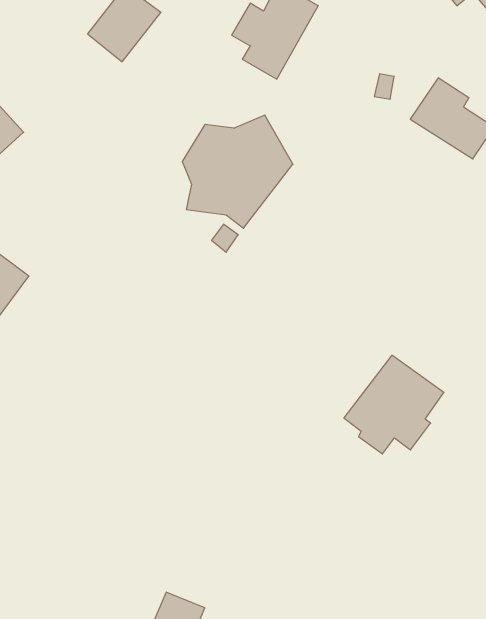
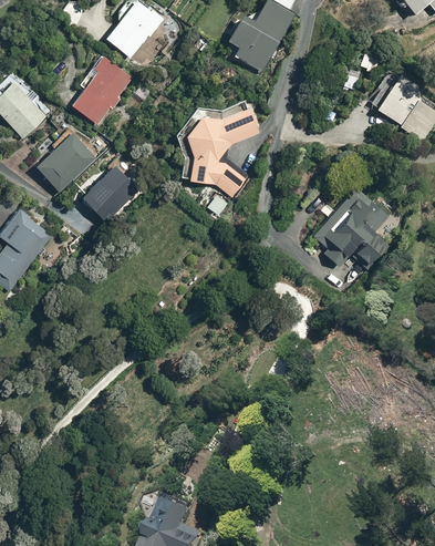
building: none -> [71,60,135,128]
building: none -> [35,132,99,193]
building: none -> [86,164,141,220]
building: [344,355,444,454] -> [309,184,392,266]

